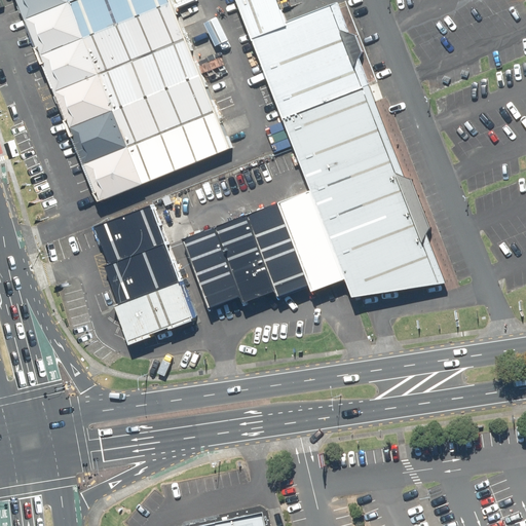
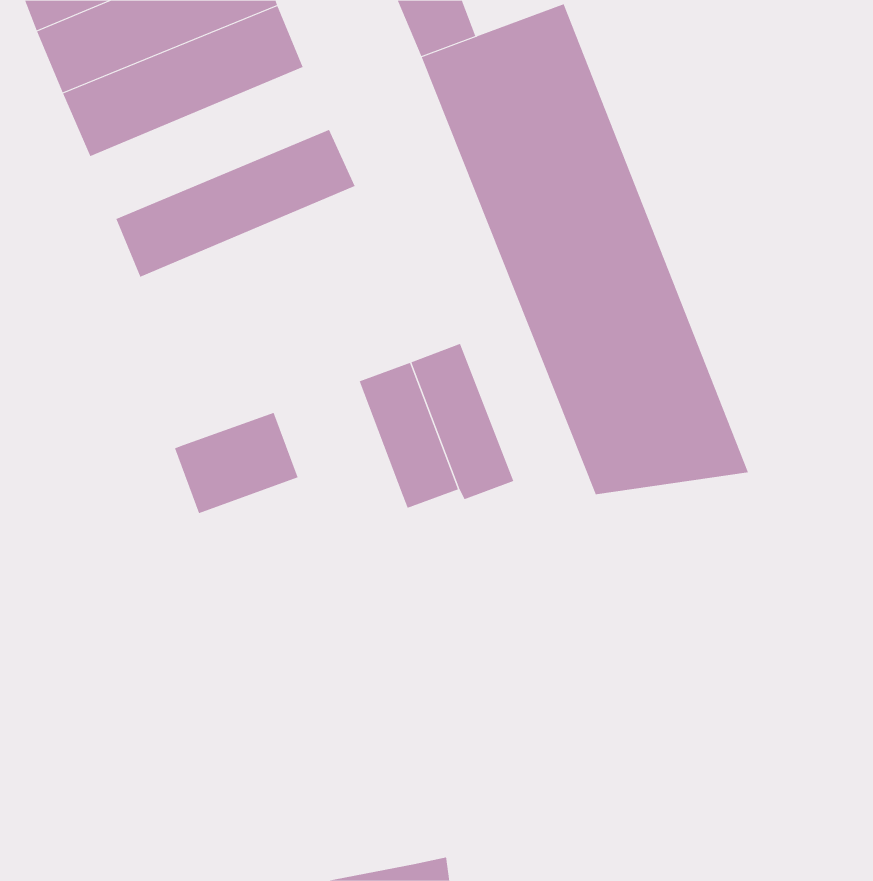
building: [53,40,196,130] -> none
building: [83,111,226,201] -> none
building: [274,193,339,293] -> none
building: [95,206,163,265] -> none
building: [183,227,239,306] -> none
building: [115,285,191,343] -> none

